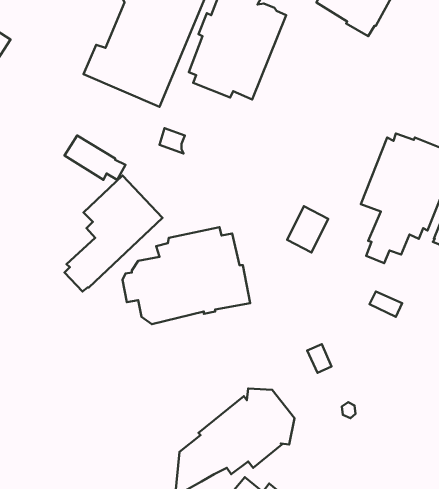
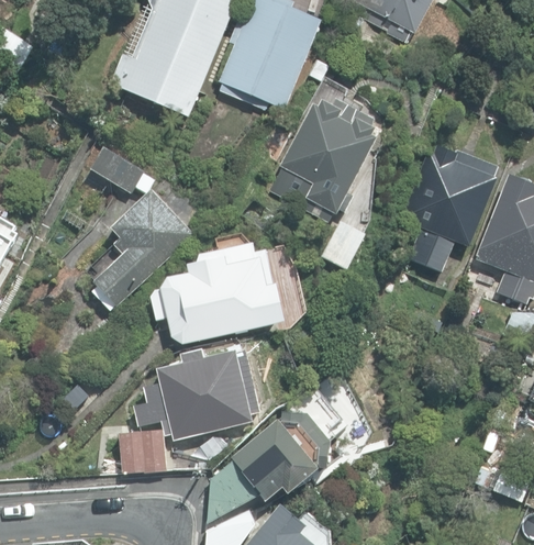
building: none -> [272,81,377,223]
building: none -> [132,349,259,440]
building: none -> [119,430,166,472]

